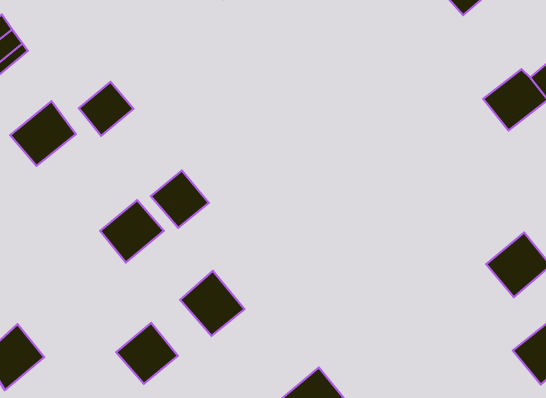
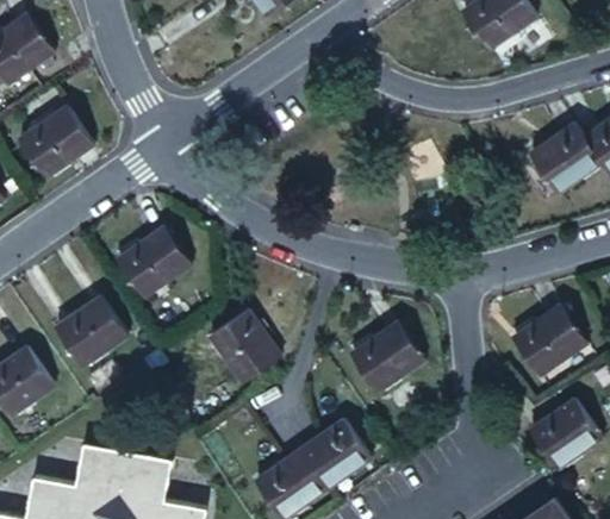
building: [79,82,134,136] -> none
building: [151,170,209,228] -> none
building: none -> [343,324,412,390]
building: [116,323,178,384] -> [60,294,124,357]

